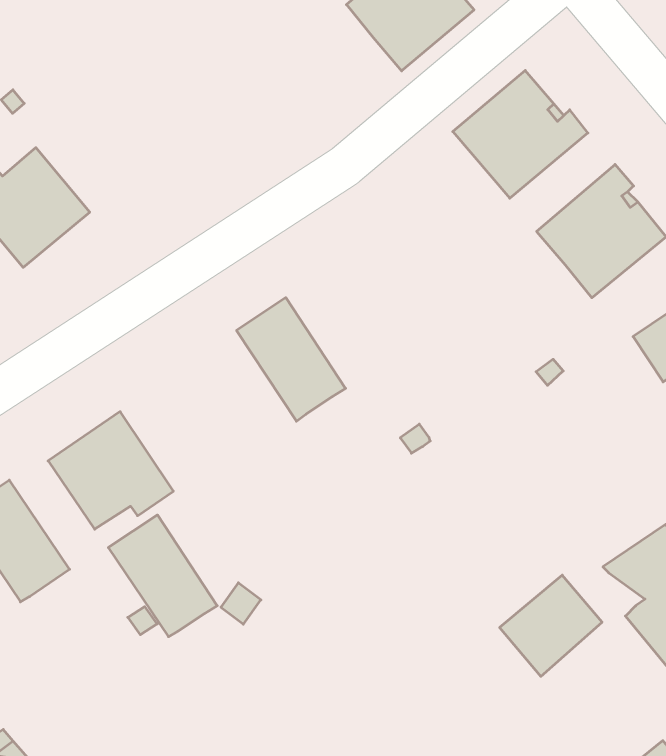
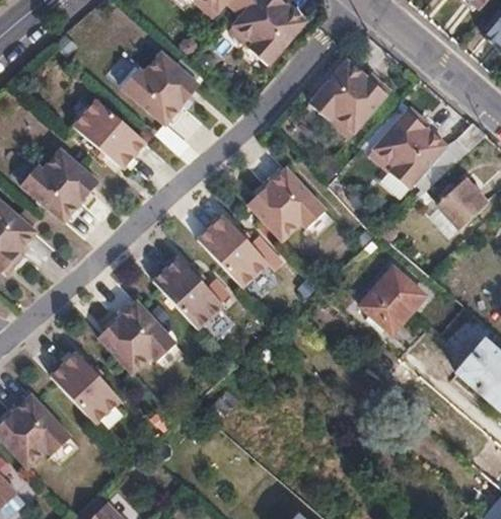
building: none -> [122,53,200,126]
building: none -> [73,100,146,170]
building: none -> [245,166,324,239]
building: [108,515,217,637] -> [153,256,224,328]
building: [500,575,602,676] -> [361,270,422,332]

